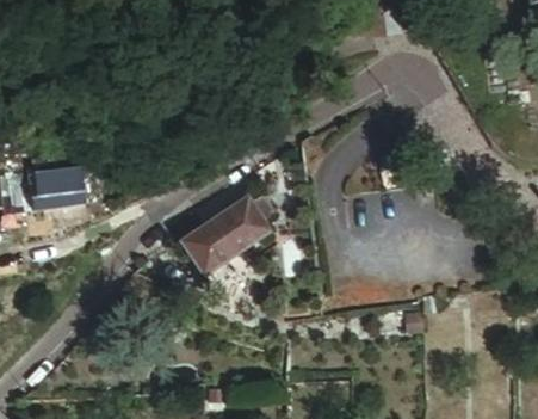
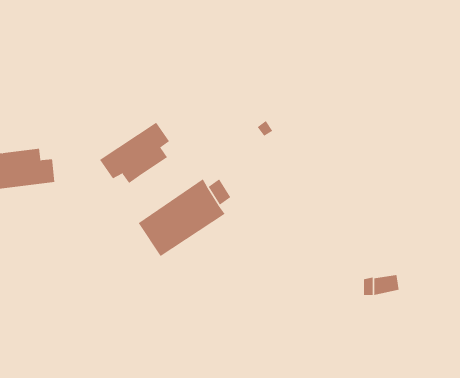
building: none -> [99,122,170,184]

